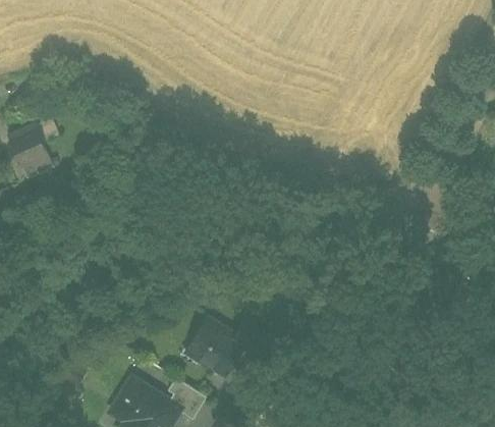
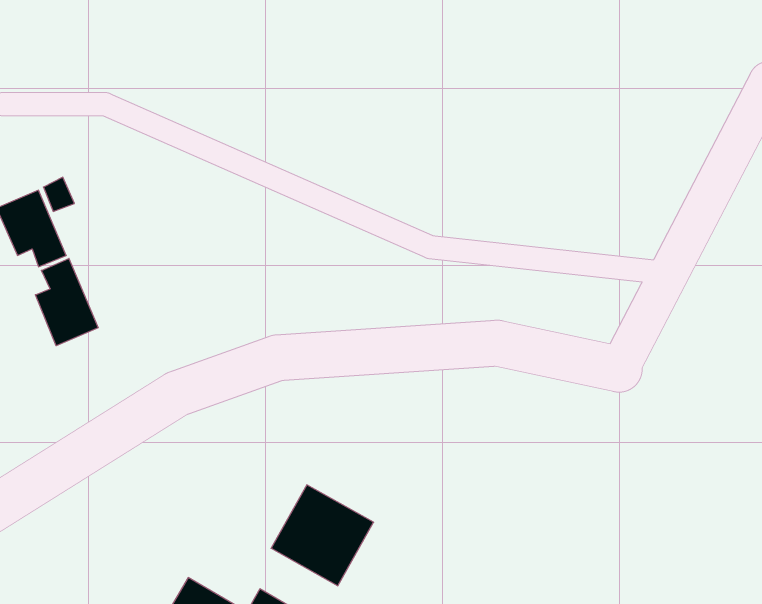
building: none -> [35,258,98,346]

